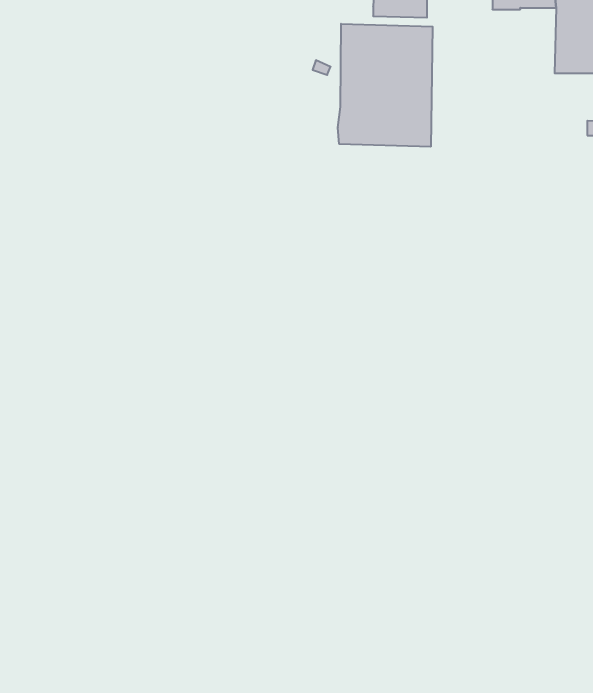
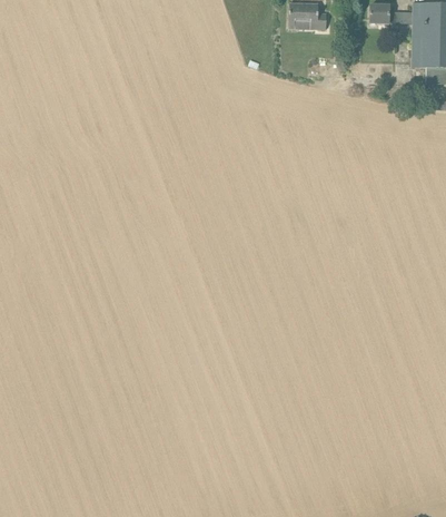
building: [338,24,433,147] -> none

